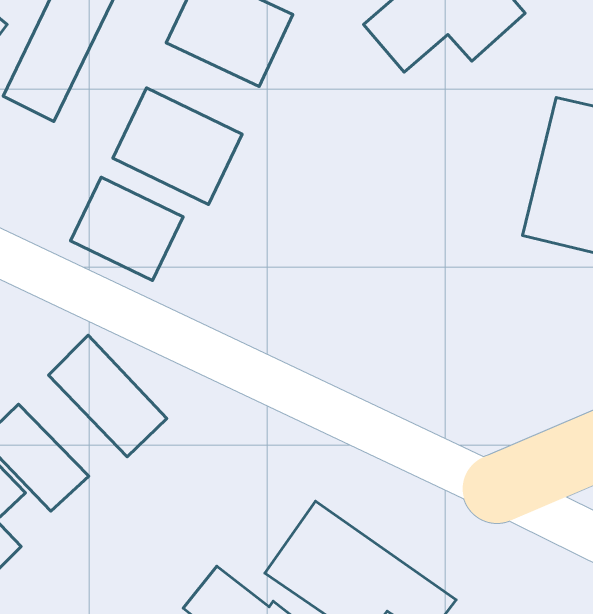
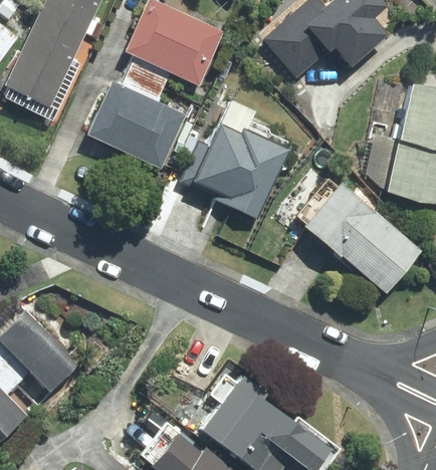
building: none -> [185,131,280,219]
building: [70,177,183,281] -> none
building: none -> [299,181,411,286]
building: [48,335,167,457] -> none

